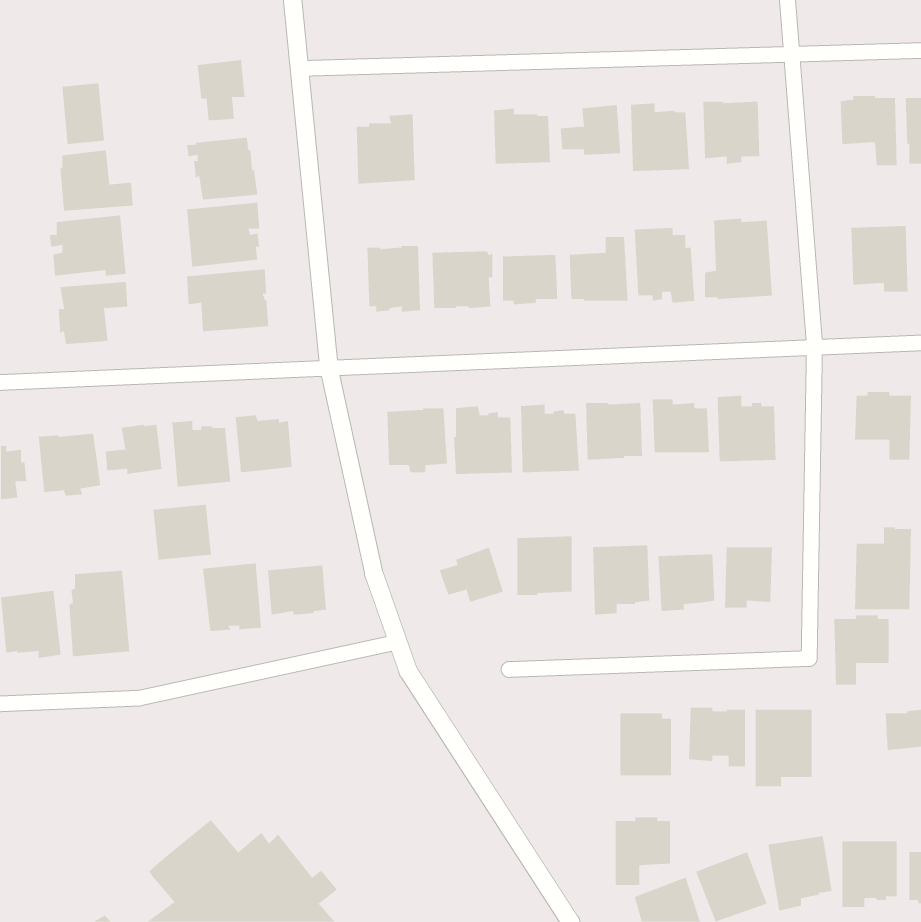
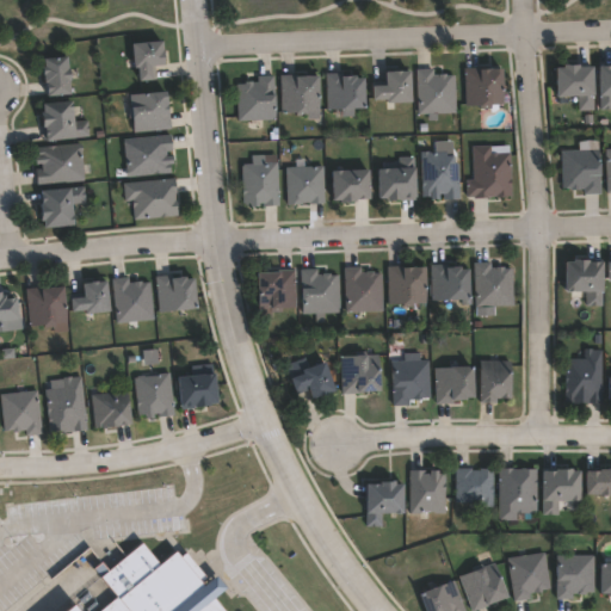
building: none -> [280,74,320,119]
building: [152,504,212,560] -> [92,391,131,428]
building: [833,615,889,685] -> [543,469,580,516]
building: [615,817,671,885] -> [366,482,403,527]

